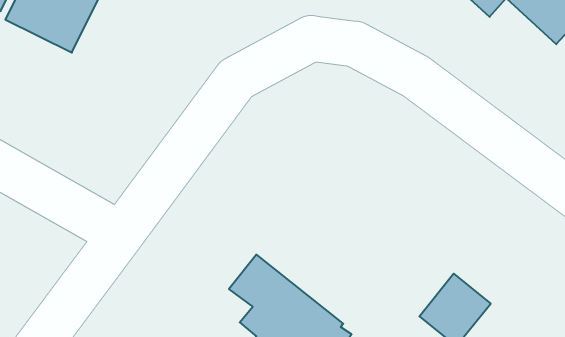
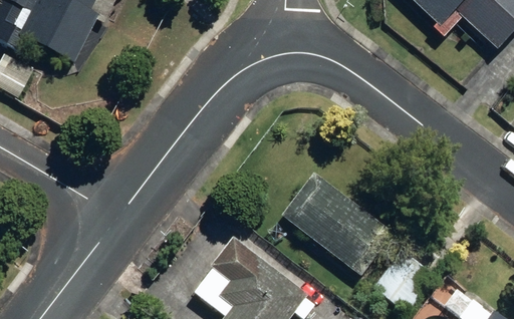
building: none -> [284,173,392,272]

